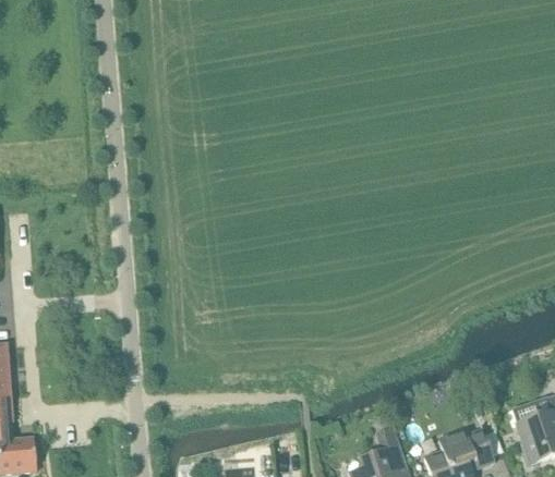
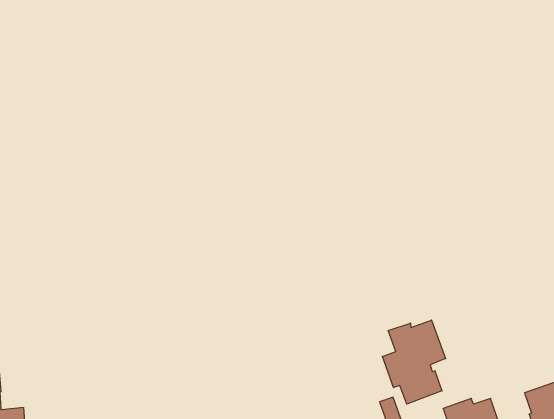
building: none -> [382,320,446,404]

